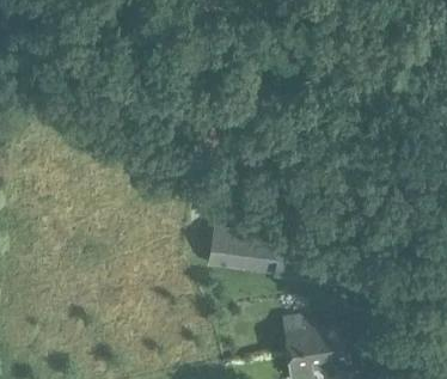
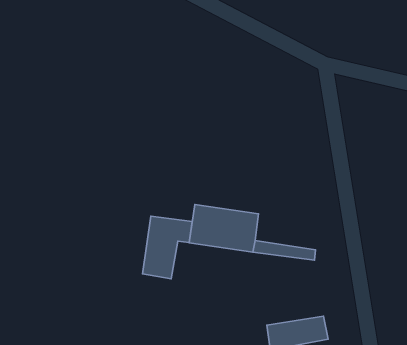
building: none -> [143,216,192,279]
building: [282,314,345,349] -> none

